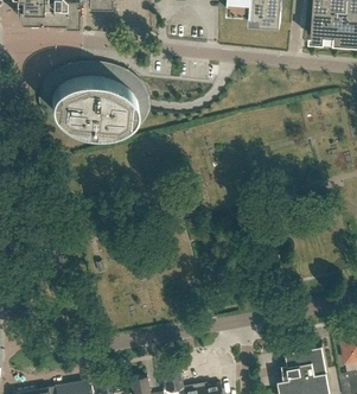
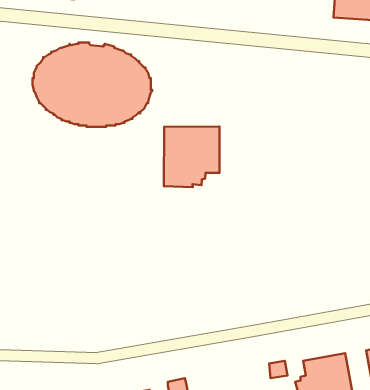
building: none -> [164,127,219,187]

